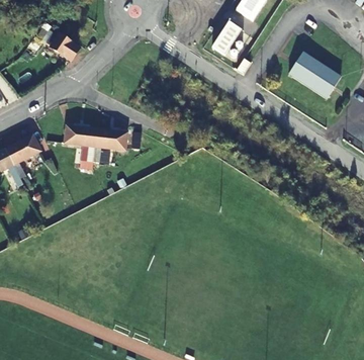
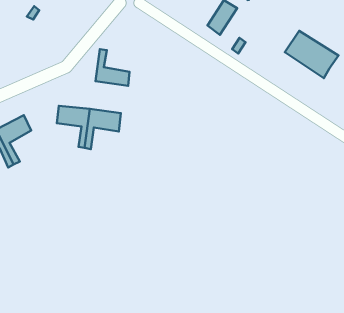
building: [47,32,79,60] -> none
building: none -> [96,49,129,86]

